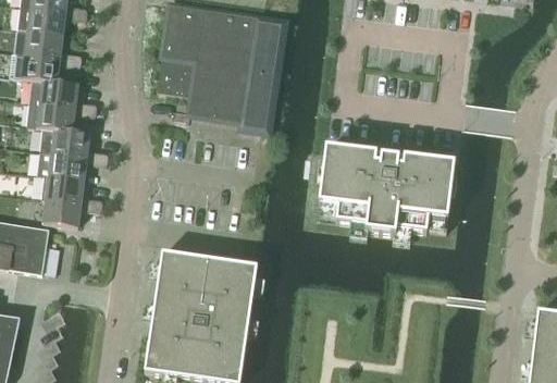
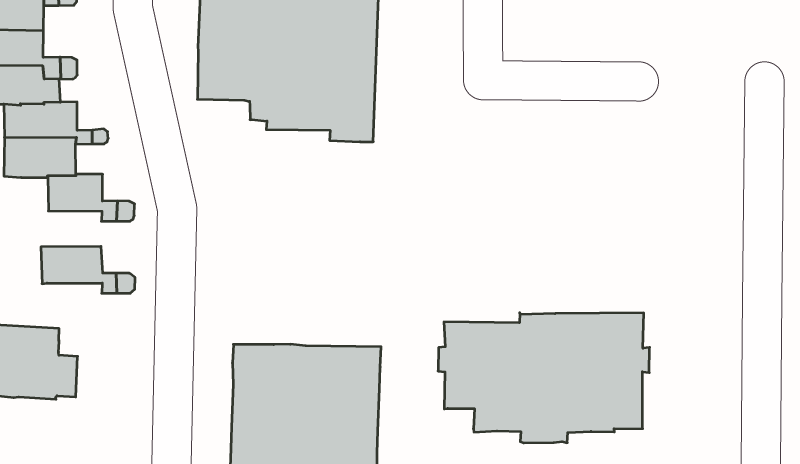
building: [317,147,456,235] -> [438,313,650,443]
building: [36,149,86,178] -> none
building: [42,198,81,226] -> none

